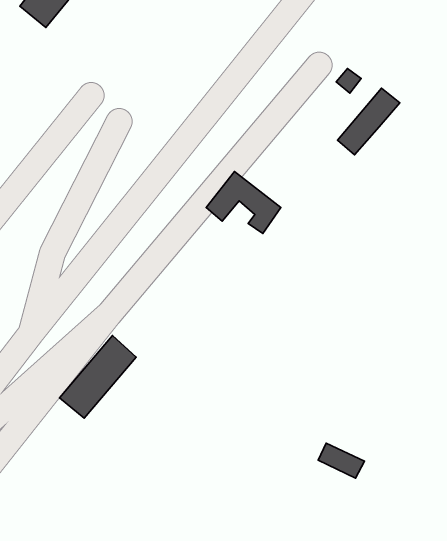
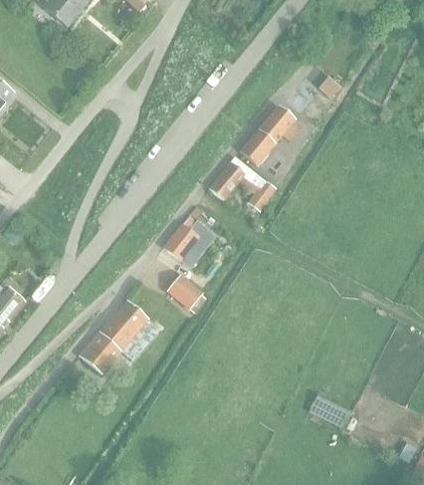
building: [338,88,400,155] -> [239,103,294,163]
building: none -> [163,206,212,263]
building: none -> [166,272,206,310]

